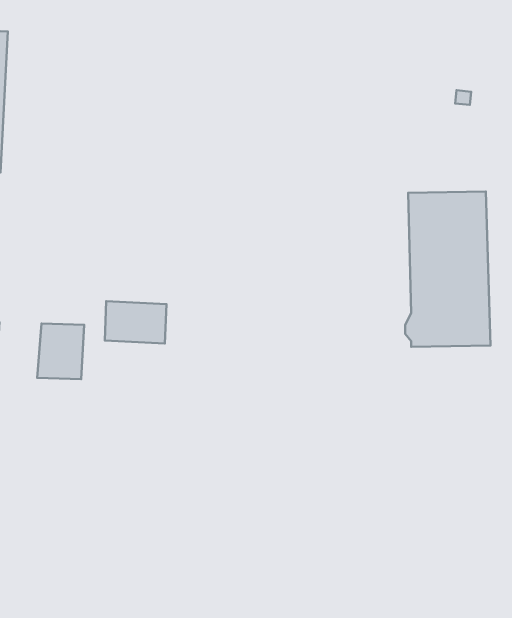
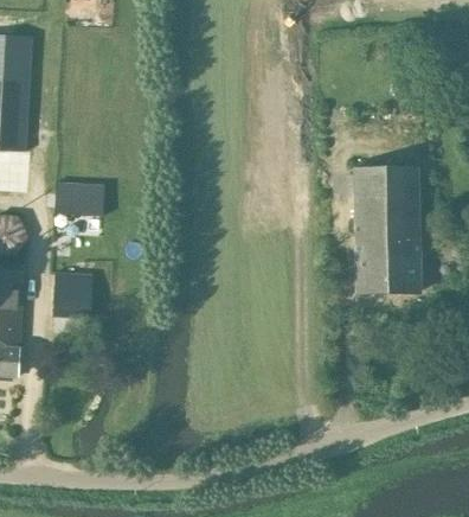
building: [105,301,166,344] -> [56,183,105,217]

